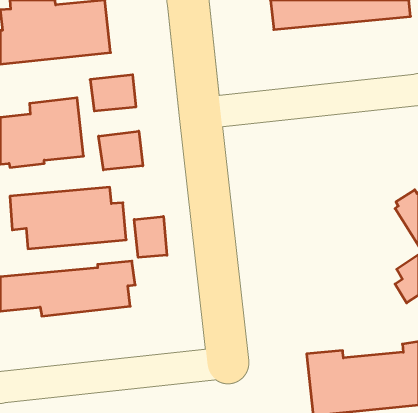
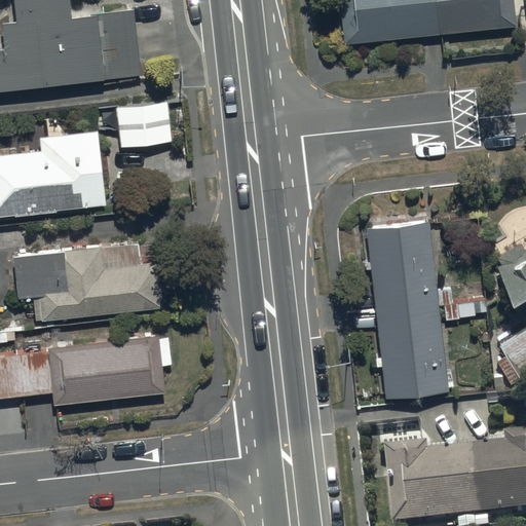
building: [99,131,143,170] -> none
building: none -> [365,218,449,398]
building: [134,216,167,257] -> none

